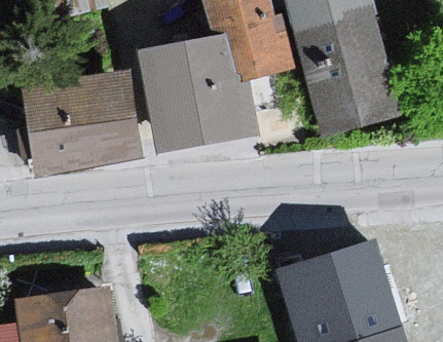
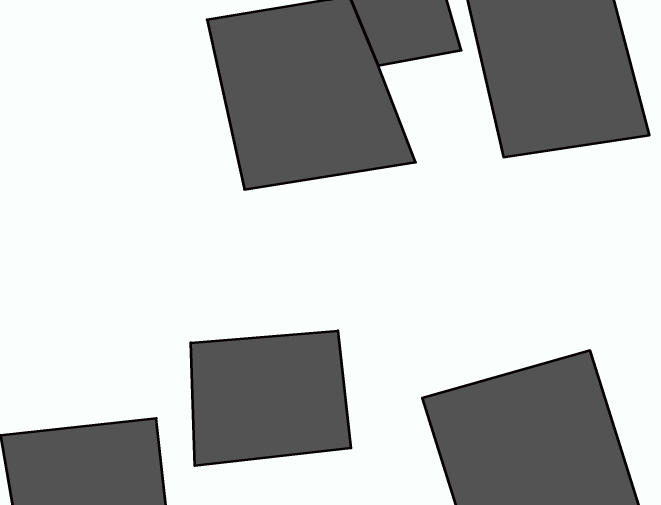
building: [24,66,152,167] -> none
building: none -> [191,331,351,466]

